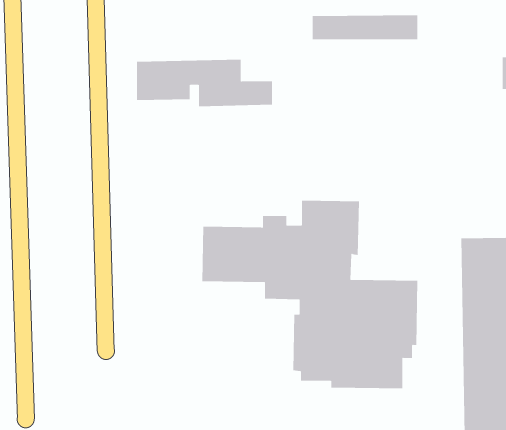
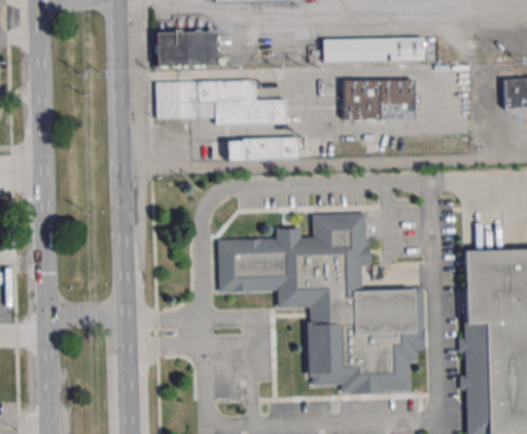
building: none -> [155,29,218,66]
building: none -> [343,79,414,119]
building: none -> [225,138,298,160]

